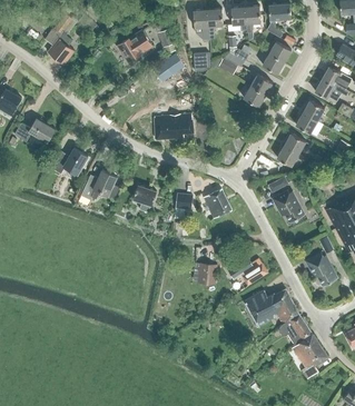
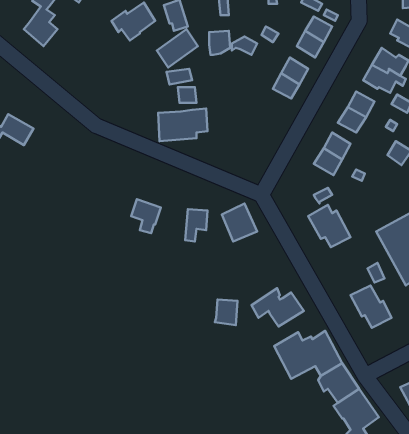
building: [52,148,88,174] -> none
building: [81,169,119,199] -> none

